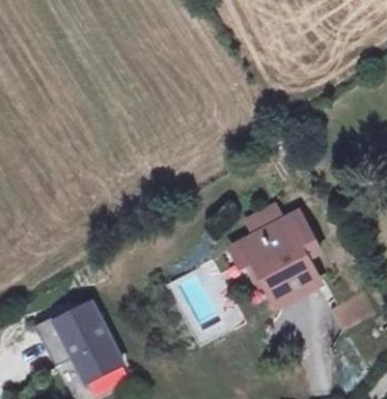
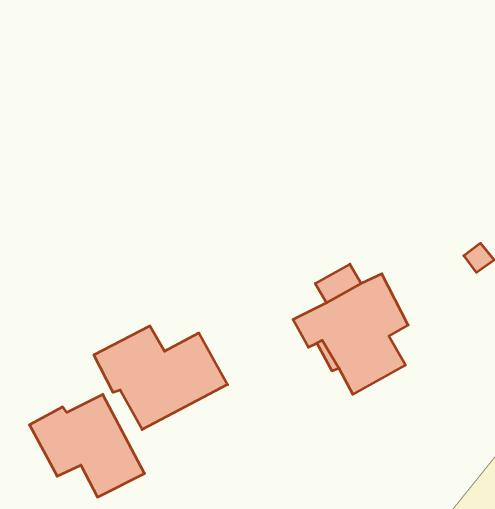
building: none -> [94,326,228,430]

